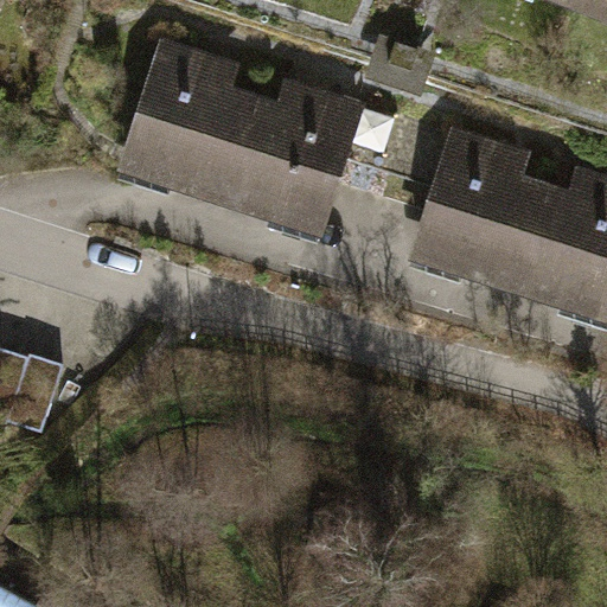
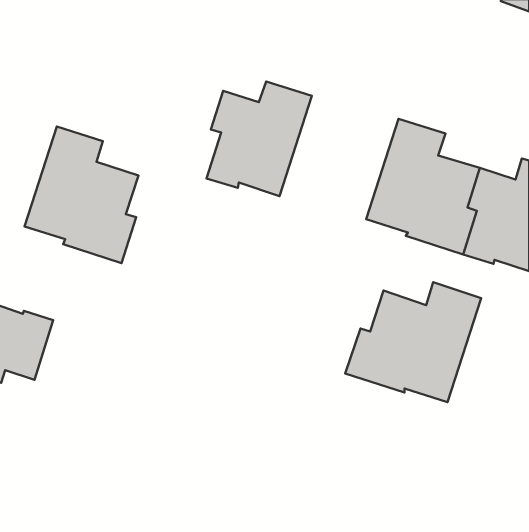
building: [124,47,254,203] -> [25,126,138,263]
building: none -> [345,282,481,402]

